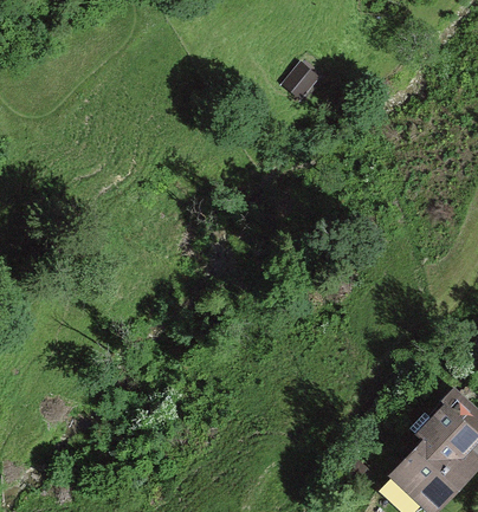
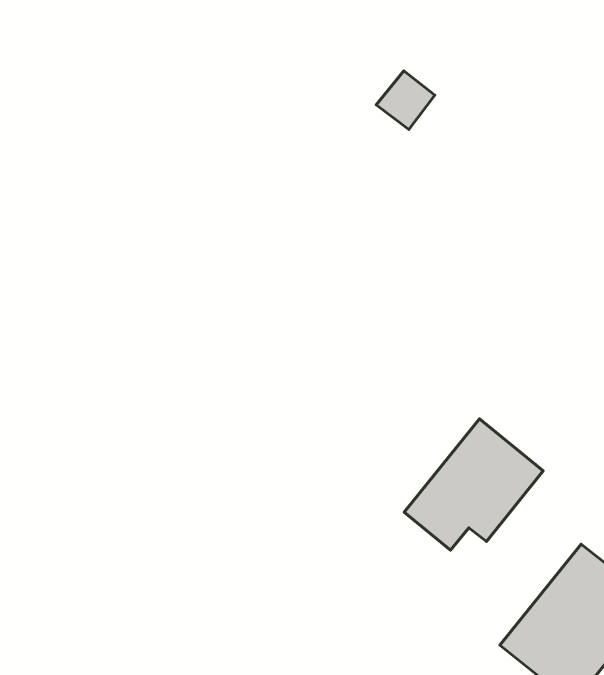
building: none -> [404,419,543,550]

